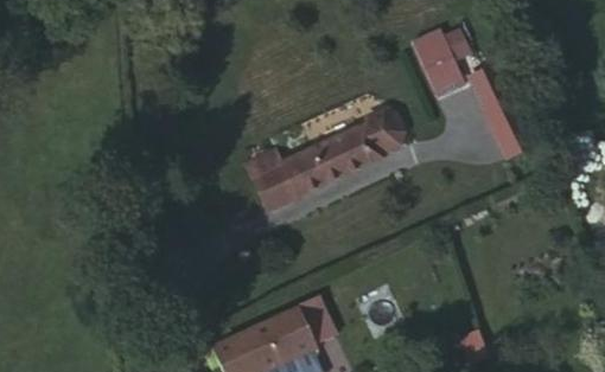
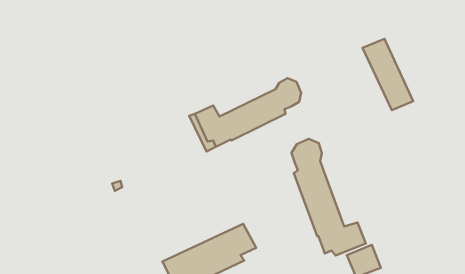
building: [415,27,470,94] -> none
building: none -> [292,139,366,255]

